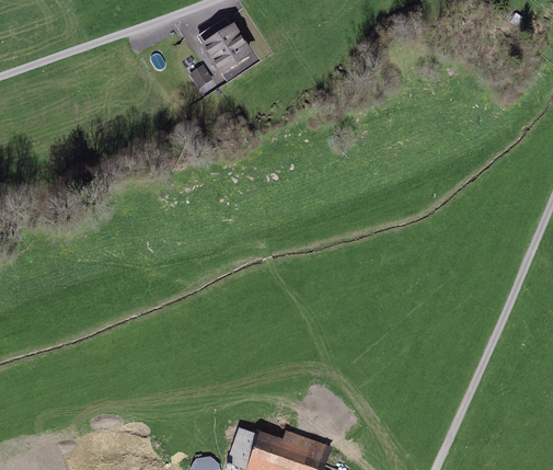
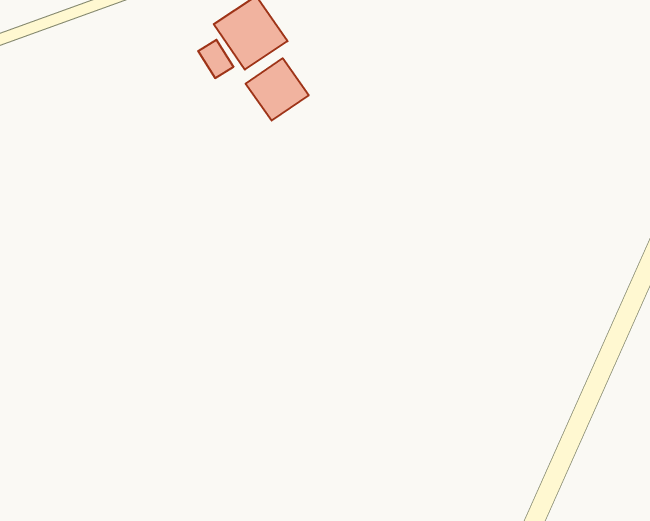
building: none -> [246,58,309,121]

